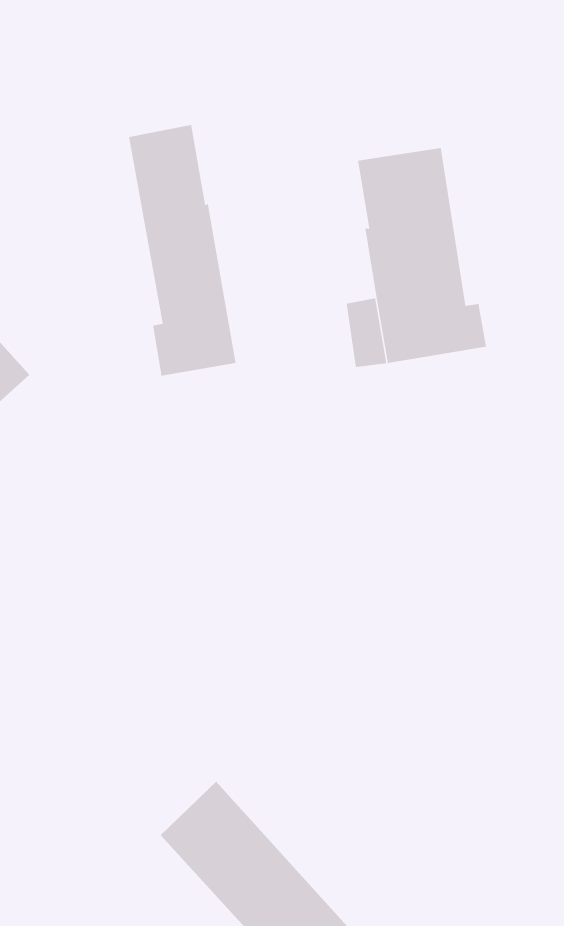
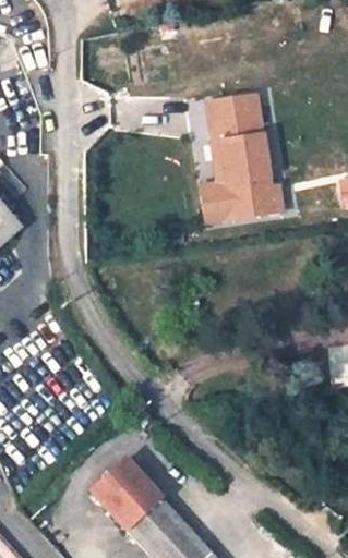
building: [128,124,236,377] -> none

